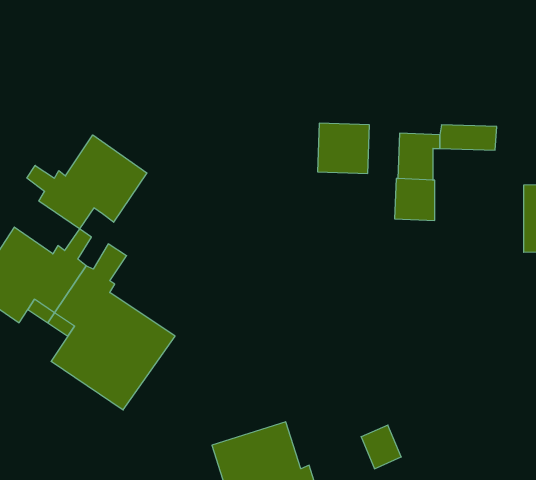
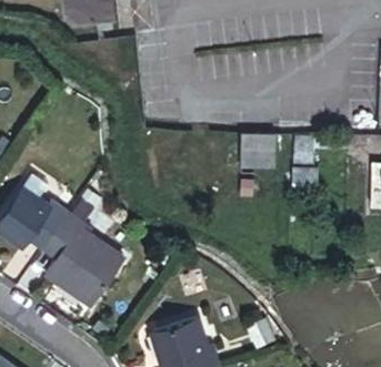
building: [27,135,147,229] -> none

